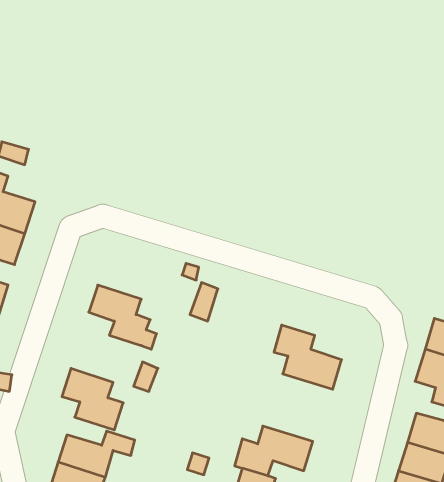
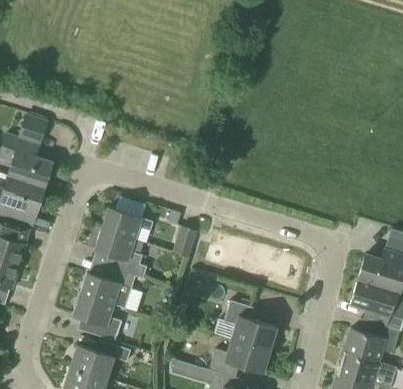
building: none -> [101,207,153,239]
building: [274,325,342,389] -> [224,300,277,350]
building: none -> [80,267,135,308]

